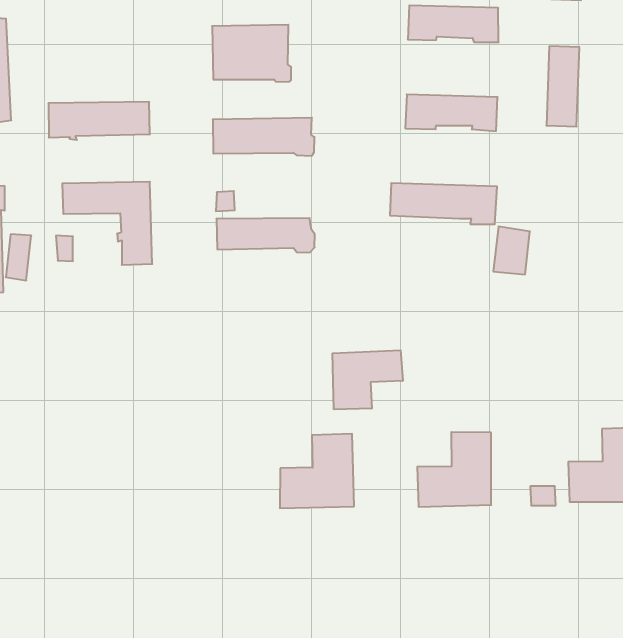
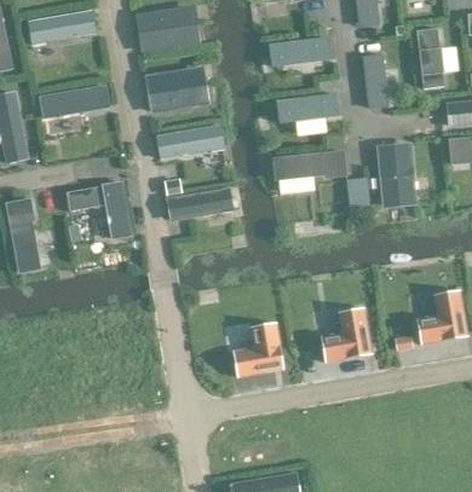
building: [48,102,150,140] -> [41,85,109,117]
building: none -> [379,144,414,206]
building: [333,350,403,409] -> none

